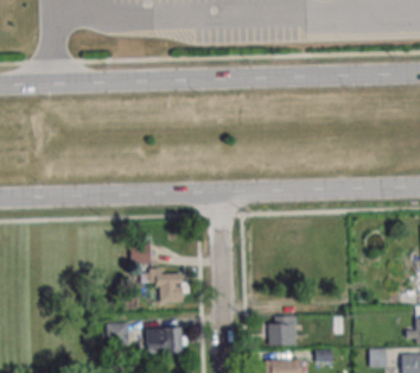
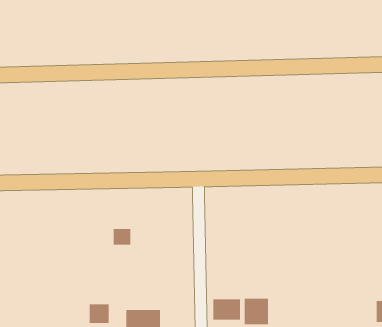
building: [141,268,183,302] -> none
building: none -> [212,298,241,321]

